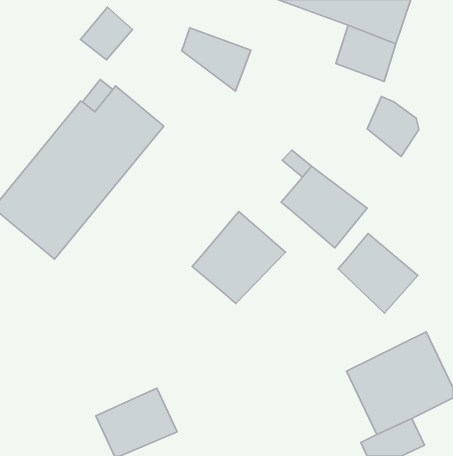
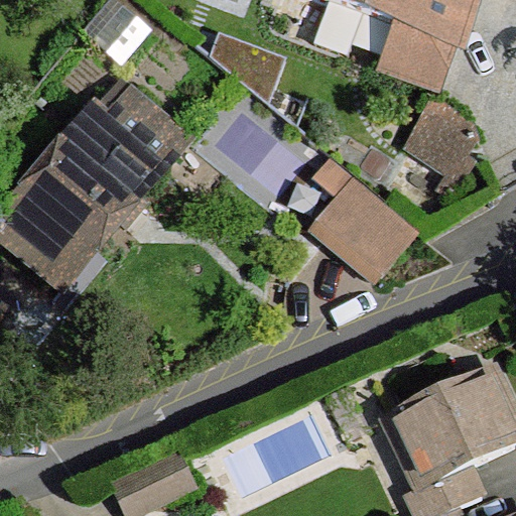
building: [192,211,286,303] -> none
building: [338,234,418,313] -> none

